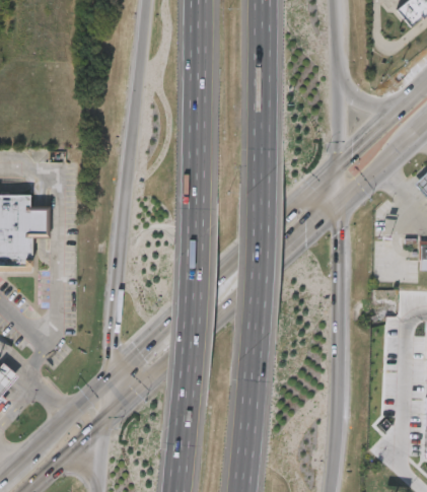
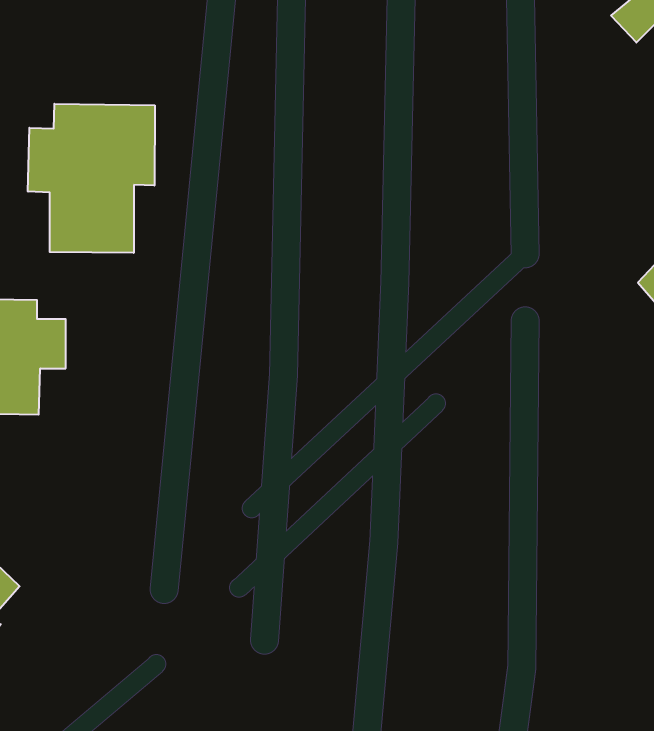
building: none -> [28,104,155,253]

